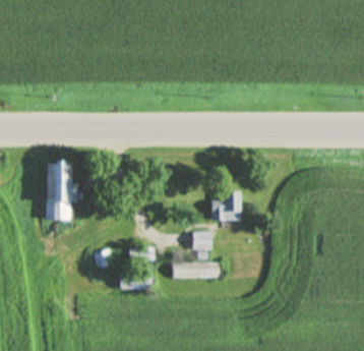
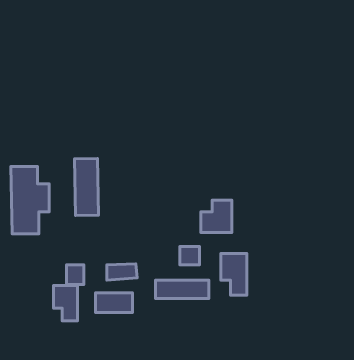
building: none -> [75,158,98,215]
building: none -> [221,253,247,295]
building: none -> [53,285,78,321]

